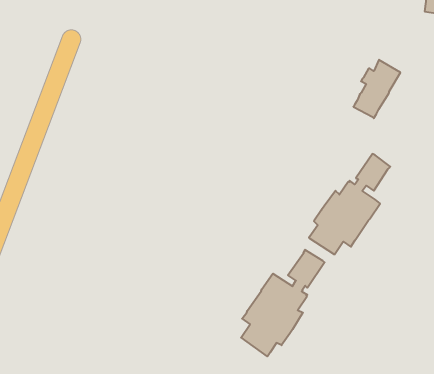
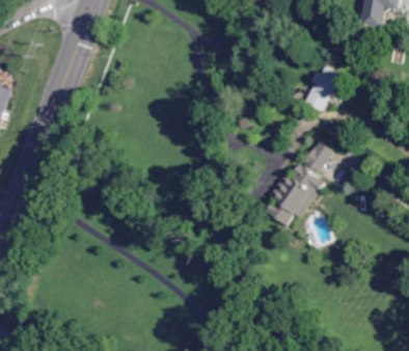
building: [241,250,325,356] -> none

